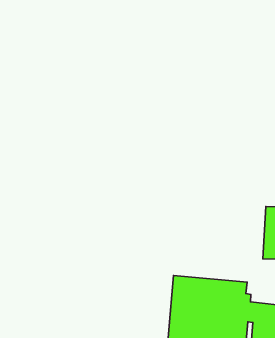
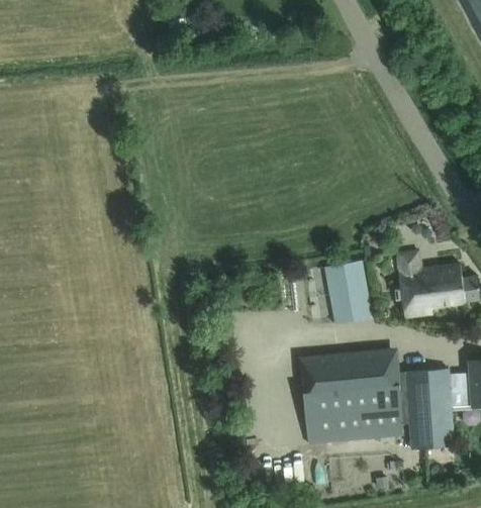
building: none -> [325,261,371,324]

